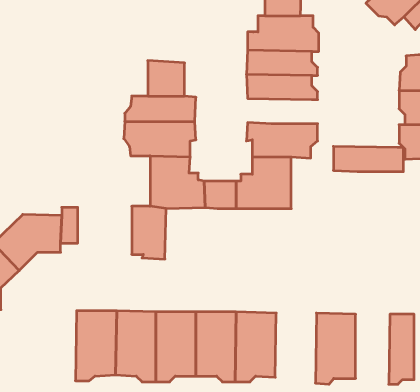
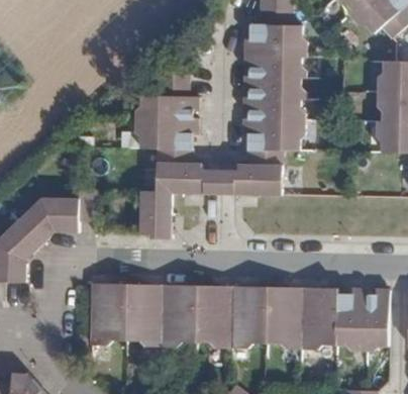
building: [333,146,403,172] -> [242,97,304,119]
building: none -> [267,286,303,348]
building: none -> [337,287,368,349]

